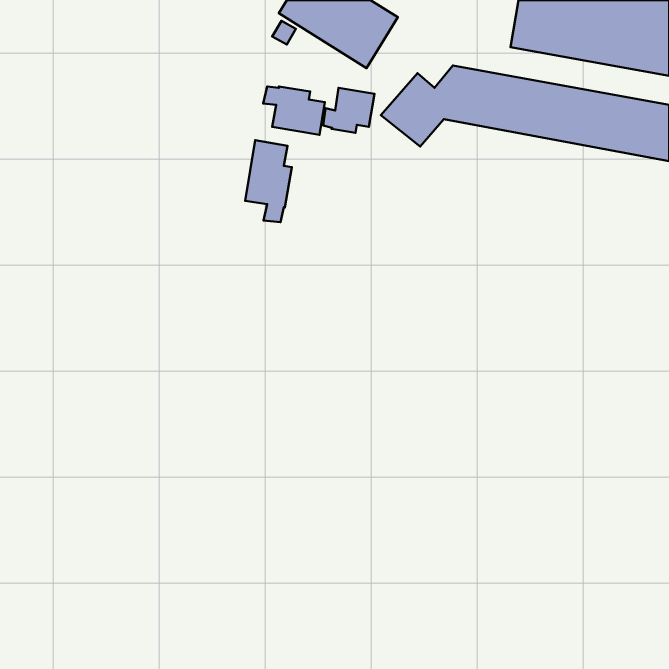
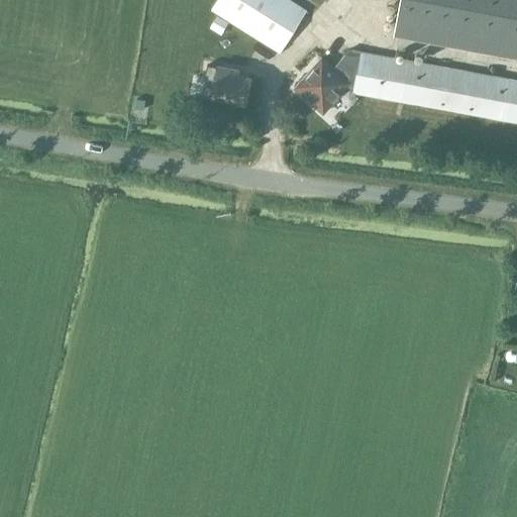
building: [323,88,375,133] -> none
building: [245,140,292,222] -> none

